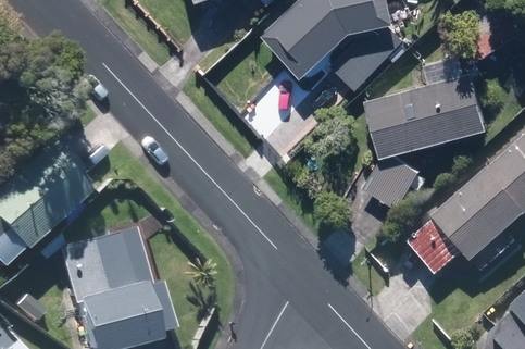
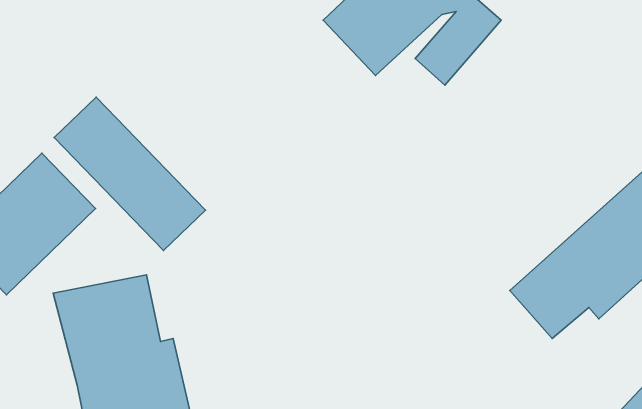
building: [364,70,489,208] -> none
building: none -> [54,97,206,251]

